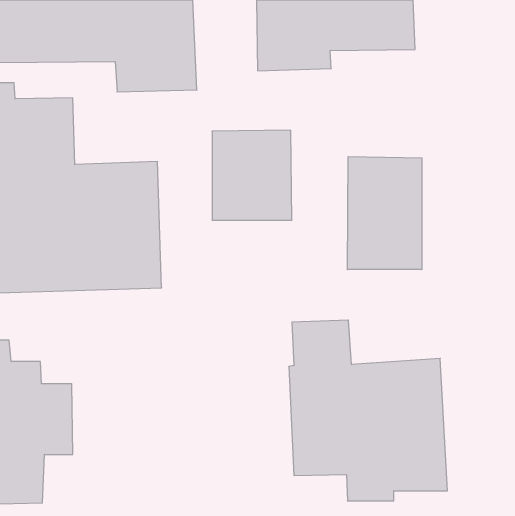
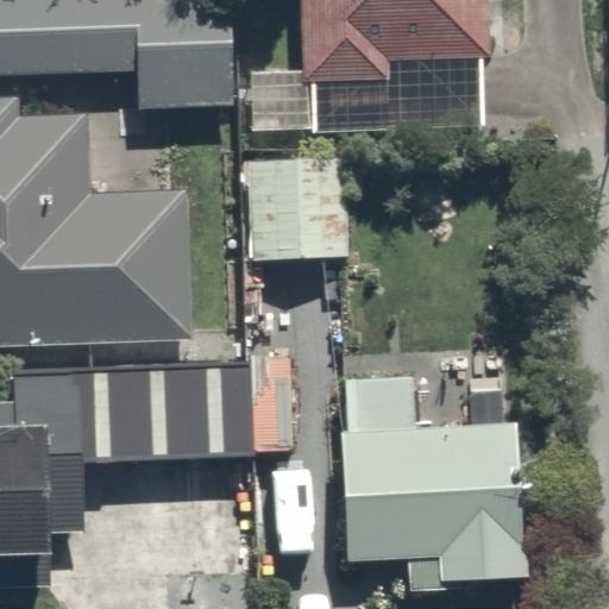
building: [347,157,422,270] -> none
building: none -> [13,363,253,453]

